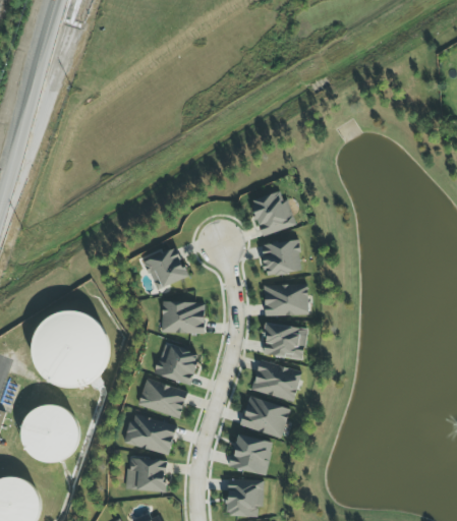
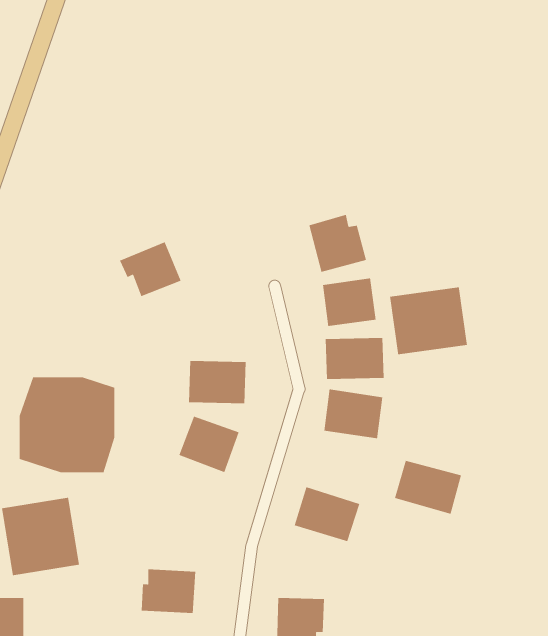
building: none -> [390,286,467,355]
building: [142,247,189,289] -> [119,241,181,297]
building: [251,360,302,401] -> [394,460,462,514]
building: [137,378,188,419] -> none
building: [124,414,176,454] -> none
building: [229,433,273,475] -> none

